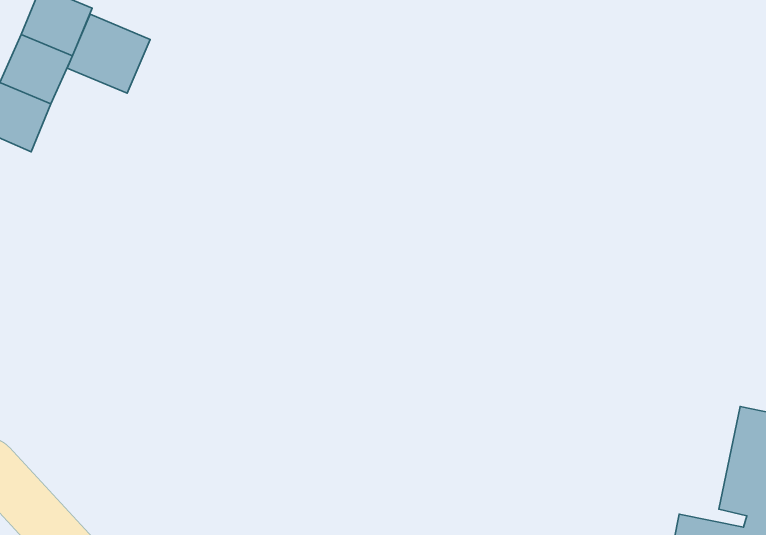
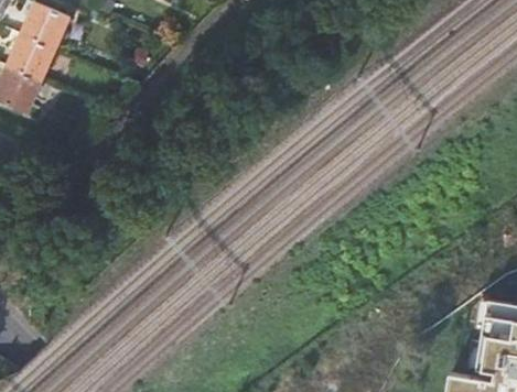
building: [67,14,150,93] -> none

